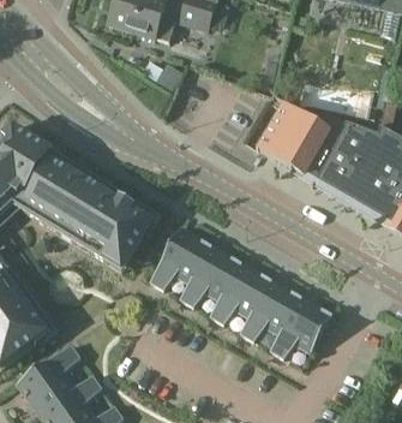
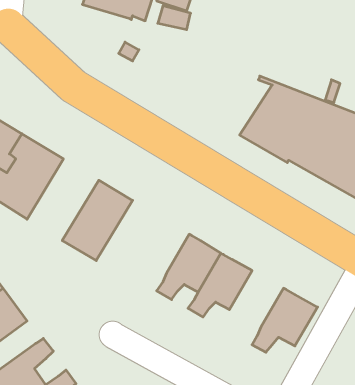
building: [55,172,124,250] -> none
building: [149,227,210,288] -> none
building: [239,279,300,340] -> none

